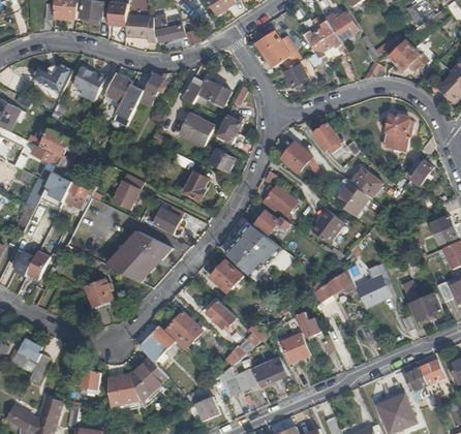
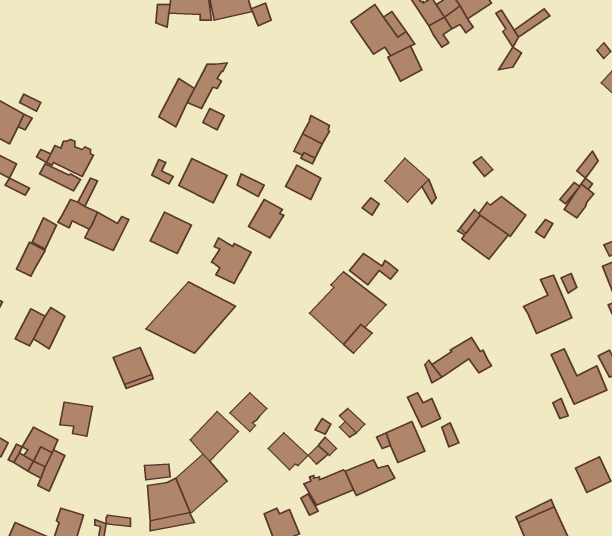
building: [389,39,428,71] -> none
building: [31,62,72,93] -> none
building: [69,66,104,101] -> none
building: [103,73,131,102] -> none
building: [182,76,228,105] -> none
building: [180,113,215,145] -> [179,159,227,203]
building: [383,115,411,152] -> none
building: [314,123,344,158] -> none
building: [263,185,298,218] -> none
building: [311,210,344,243] -> none
building: [210,259,242,291] -> none
building: [356,265,391,307] -> [524,275,572,333]
building: [207,301,236,328] -> [268,433,308,470]
building: [403,367,428,403] -> none
building: [76,369,100,394] -> [60,402,92,436]

